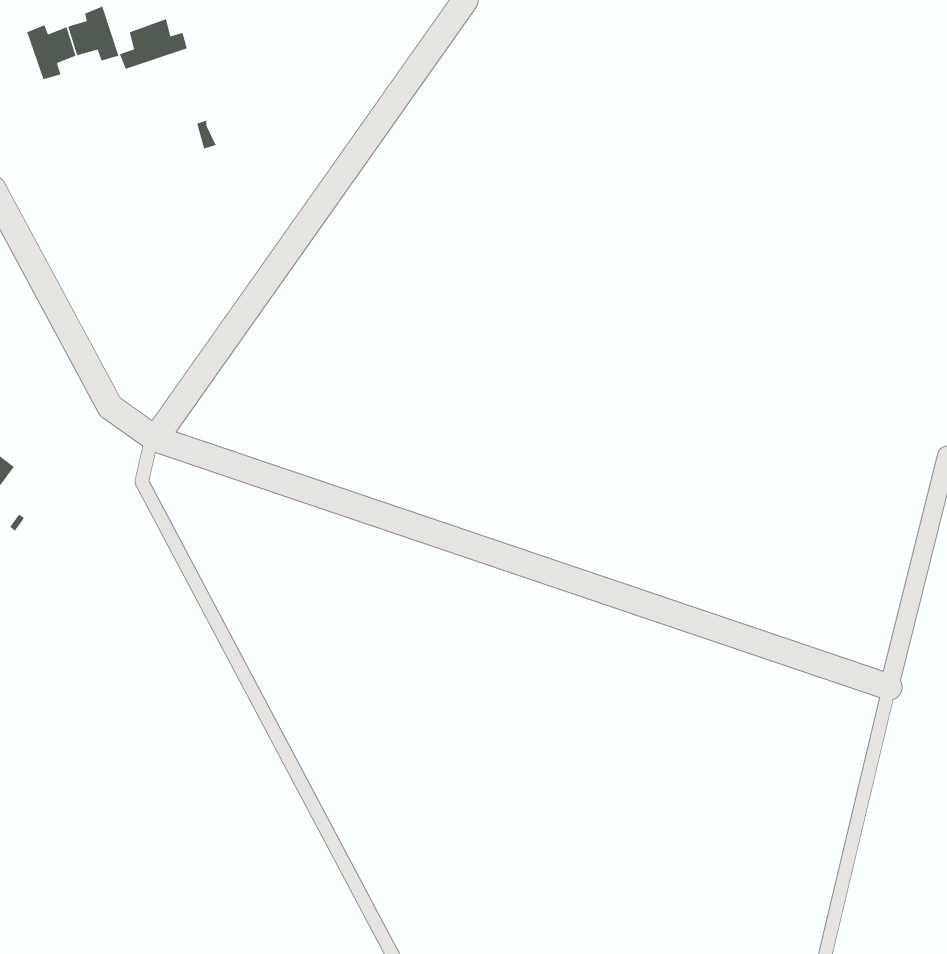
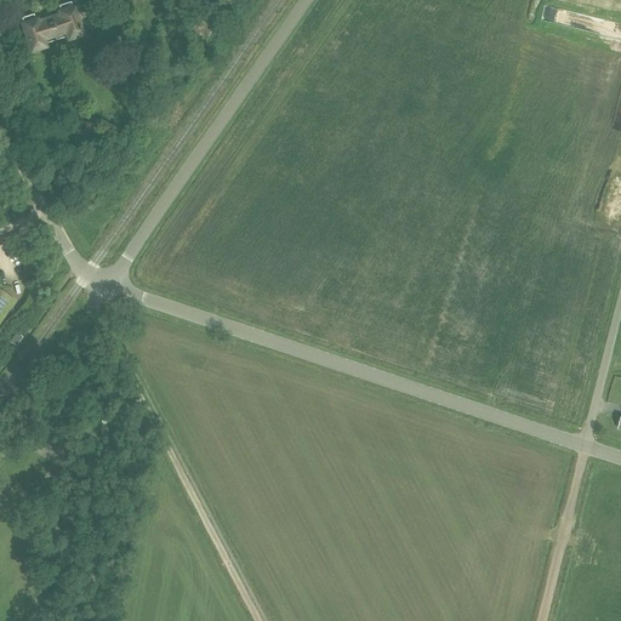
building: [119,18,188,70] -> none

